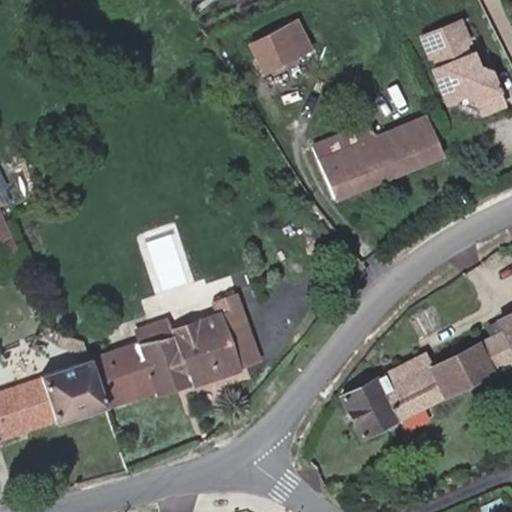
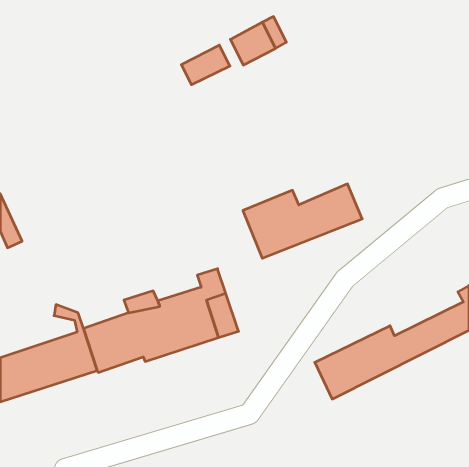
building: [422,22,504,112] -> none
building: none -> [181,45,230,85]
building: [313,116,443,197] -> [243,184,362,258]

